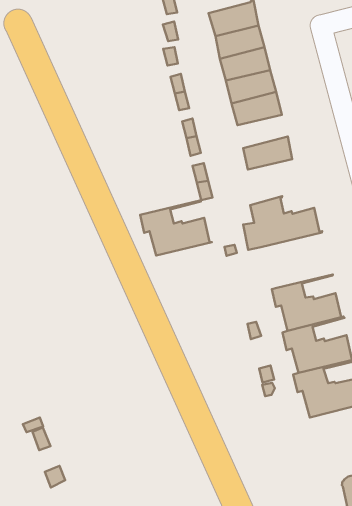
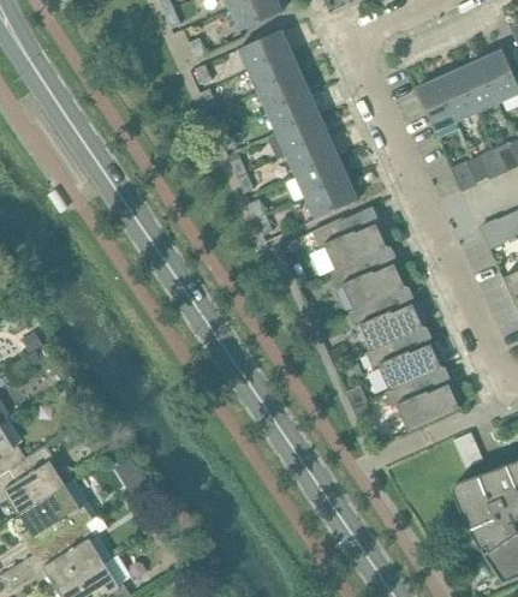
building: none -> [286,136,338,175]
building: none -> [304,178,357,219]
building: [140,200,212,255] -> [331,245,406,308]

